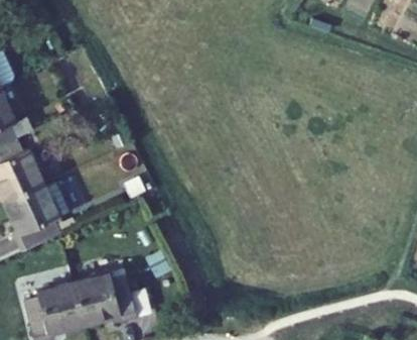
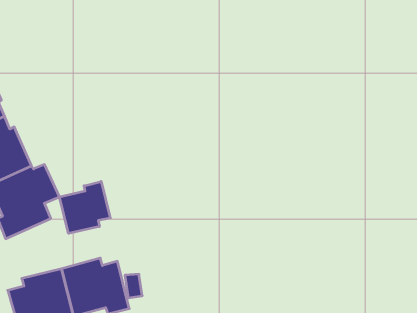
building: none -> [59,181,110,233]

